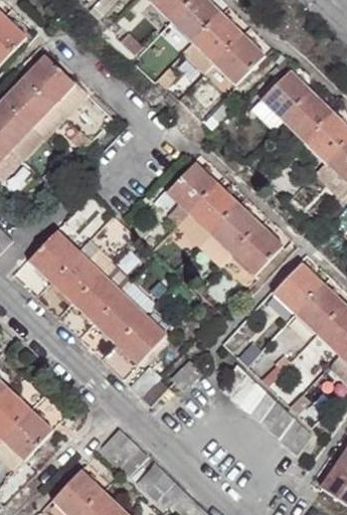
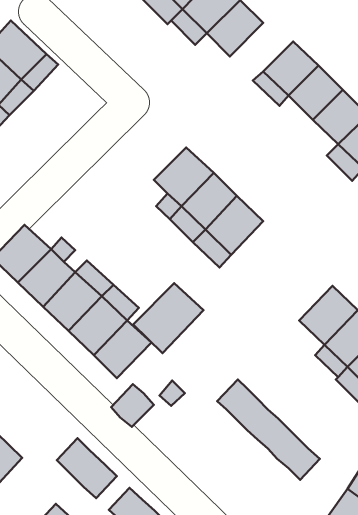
building: [235,227,285,277] -> none
building: [275,264,324,314] -> none
building: none -> [133,283,203,353]

